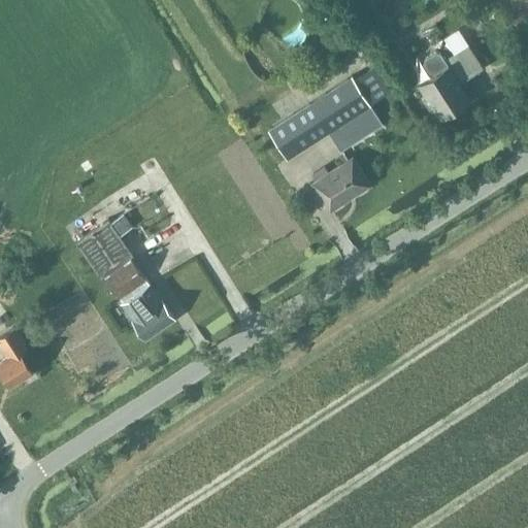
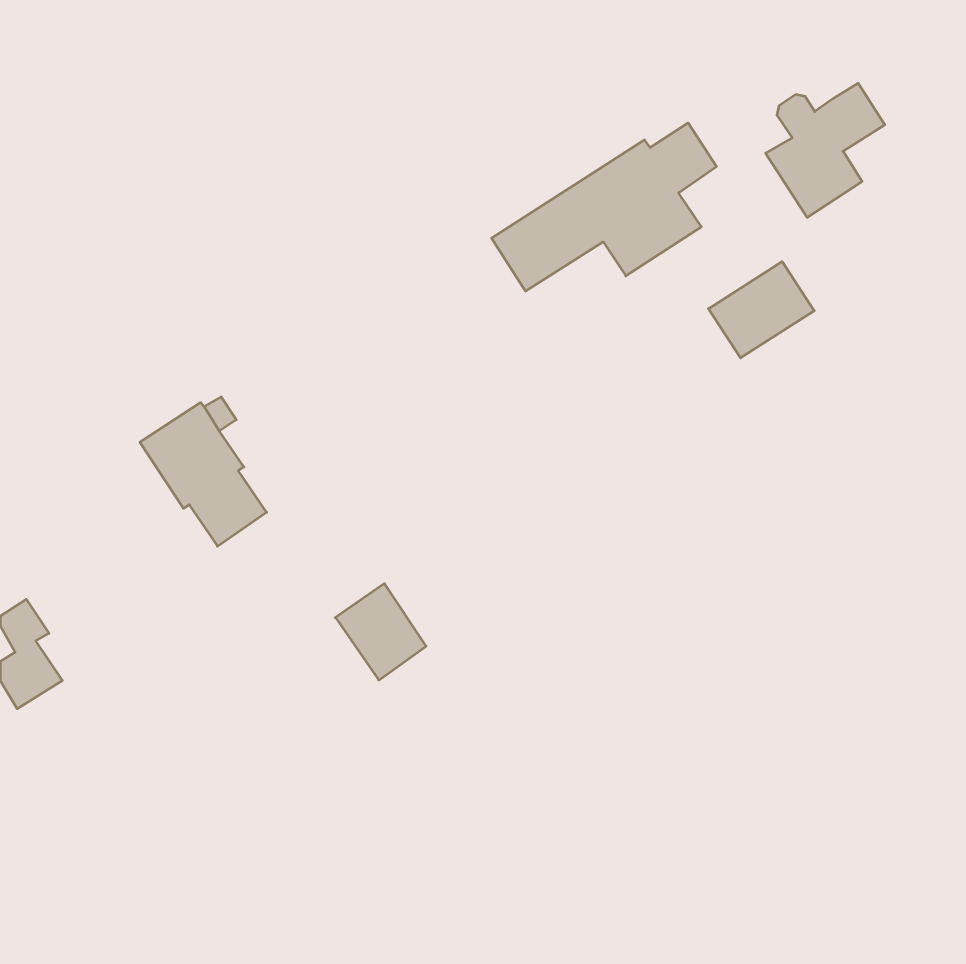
building: [312,159,370,211] -> [708,262,814,358]
building: [123,286,172,338] -> [335,584,426,680]

